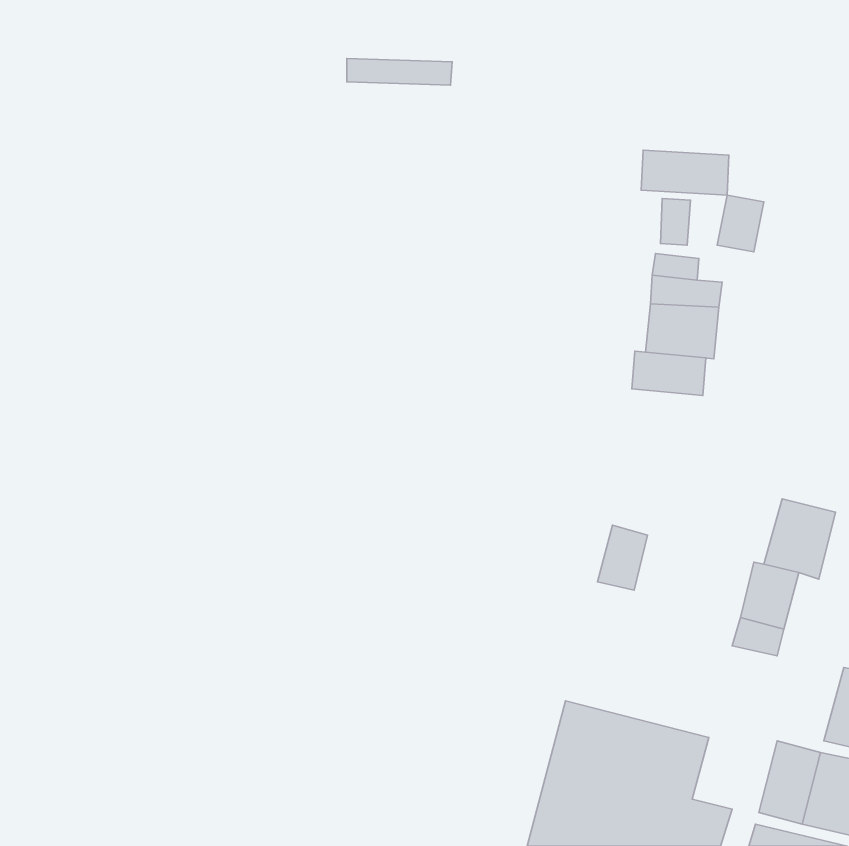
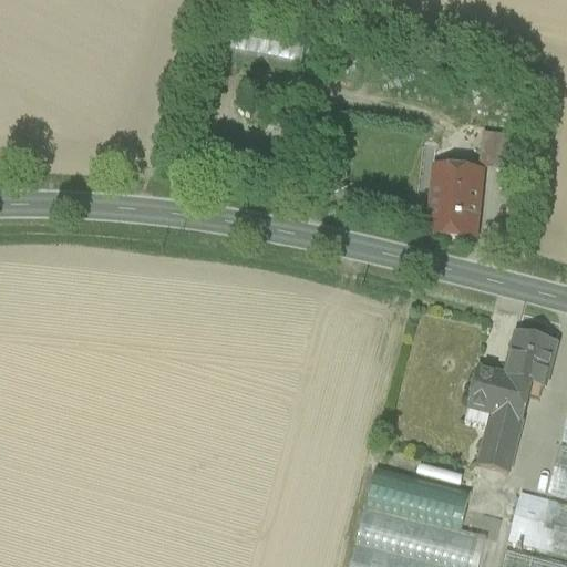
building: [641,150,729,195] -> none
building: [632,351,706,396] -> none
building: [597,525,648,590] -> [470,367,503,410]
building: none -> [480,429,518,471]

